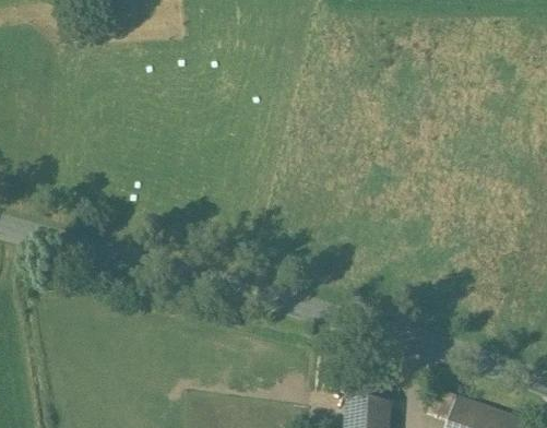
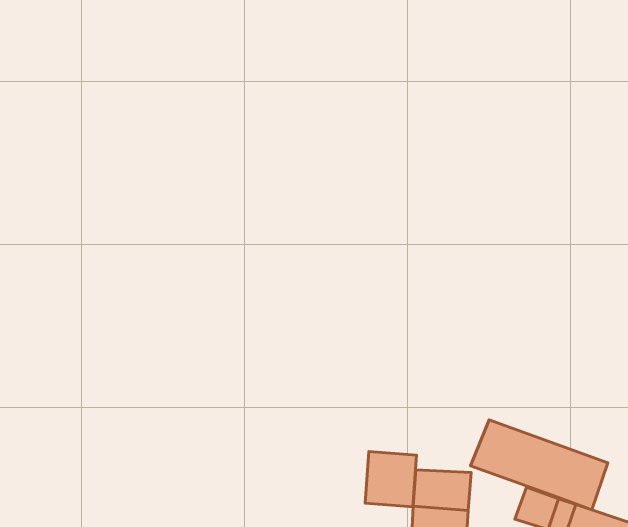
building: none -> [470,420,608,510]
building: none -> [365,452,417,507]

